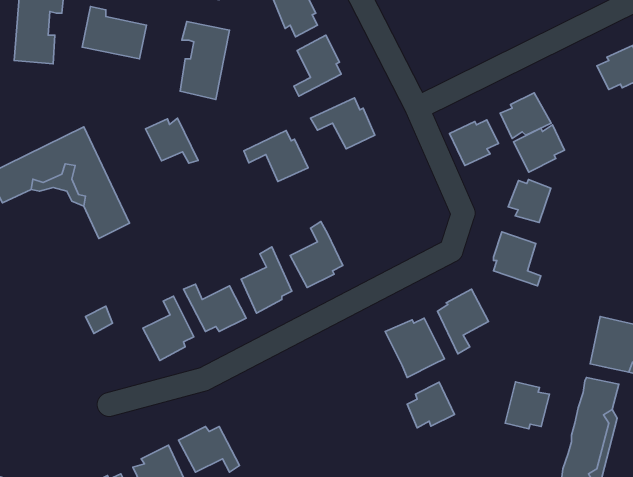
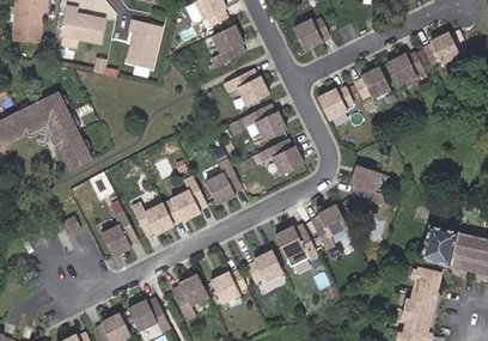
building: none -> [293,17,330,51]
building: [146,118,198,163] -> none
building: [514,125,564,172] -> [388,51,423,85]
building: [244,131,308,181] -> [239,105,285,141]
building: [508,180,551,222] -> none
building: none -> [257,140,303,176]
building: [505,382,549,429] -> none
building: [407,382,455,428] -> [249,254,282,286]
building: none -> [212,274,248,305]
building: none -> [173,279,209,323]

